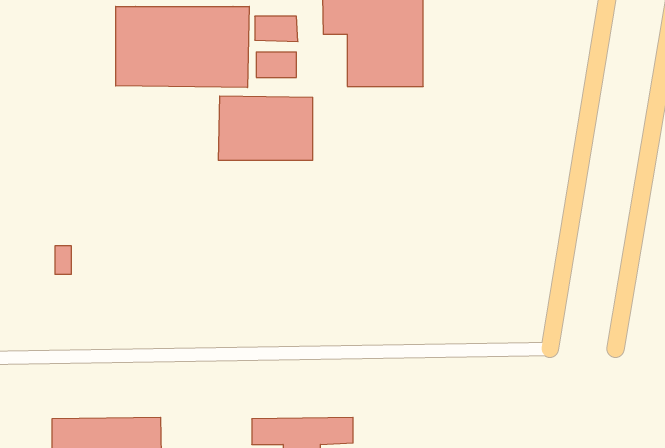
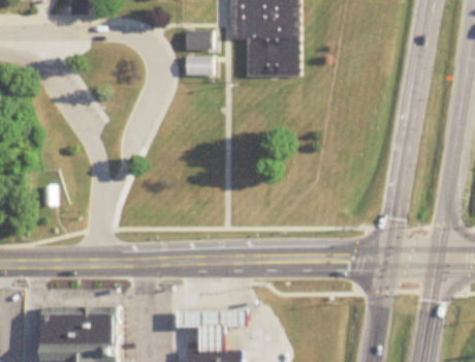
building: [116,6,249,88] -> none
building: [218,96,313,160] -> none

